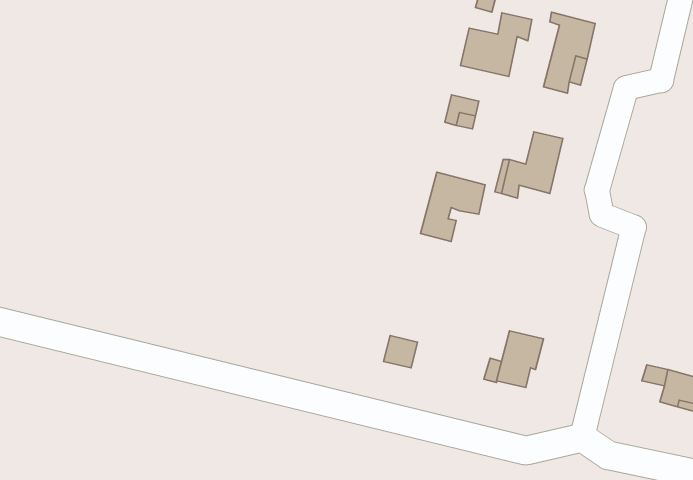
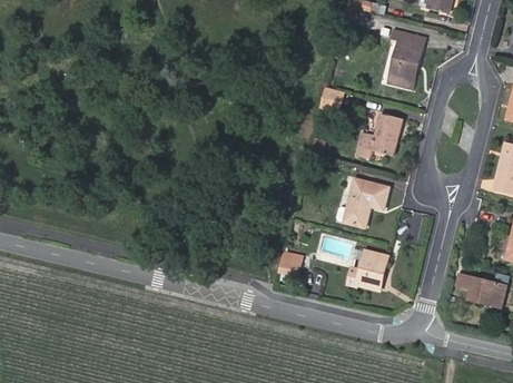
building: [460,13,532,77] -> none
building: [421,172,485,242] -> [344,178,388,226]

